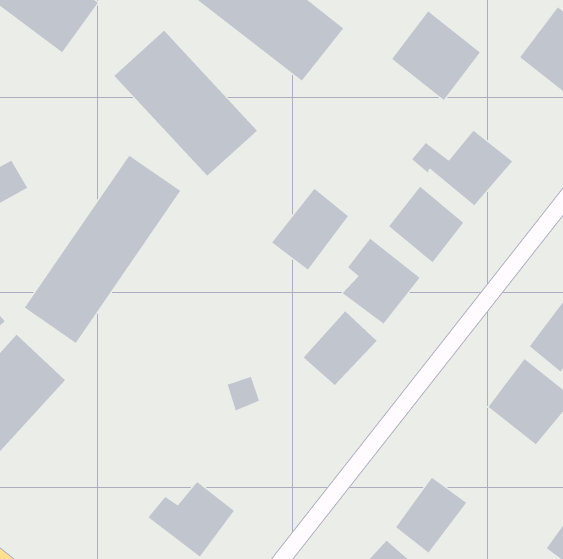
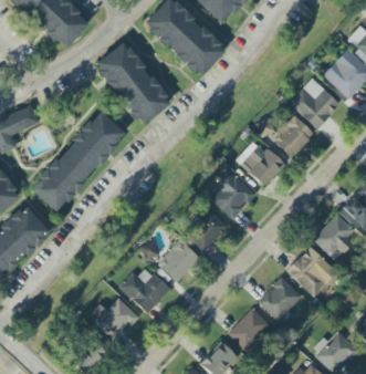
building: [391,10,481,101] -> [289,77,339,129]
building: [271,188,349,270] -> none
building: none -> [157,239,199,282]
building: none -> [257,277,302,321]
building: none -> [118,268,169,313]

